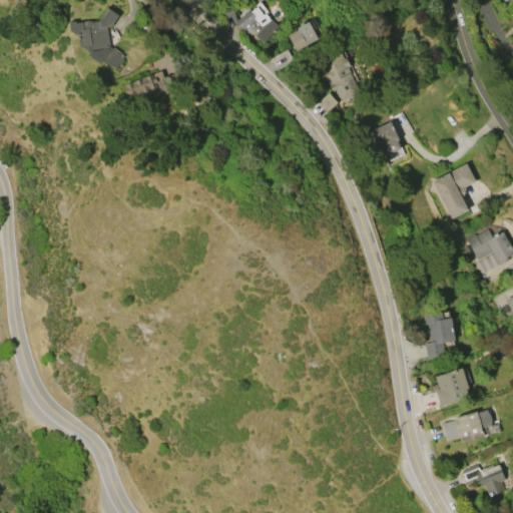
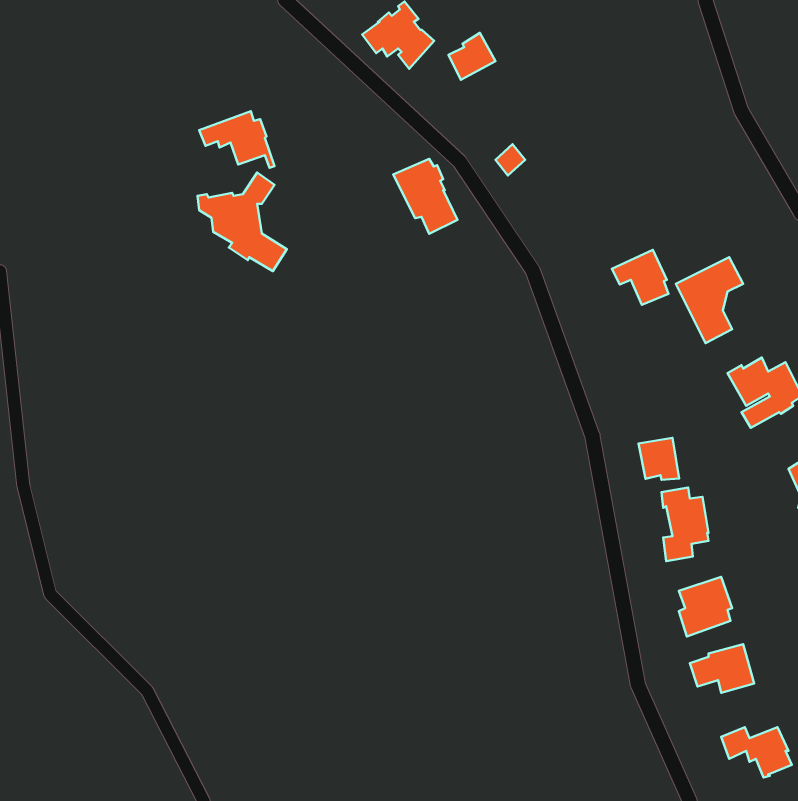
building: [70,7,127,70] -> [198,172,287,271]
building: [319,53,360,101] -> [393,159,457,234]
building: [365,121,401,156] -> [612,250,668,305]
building: none -> [639,438,679,480]

